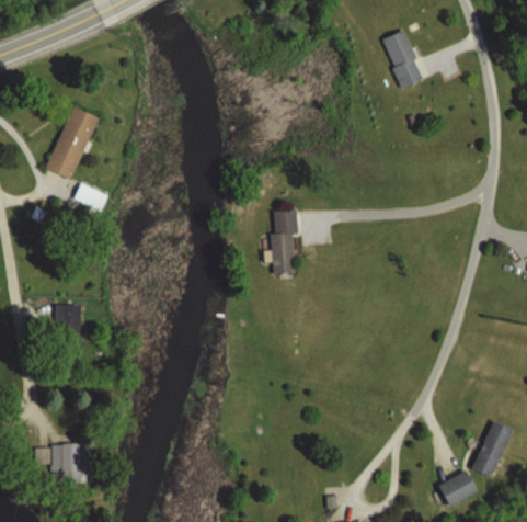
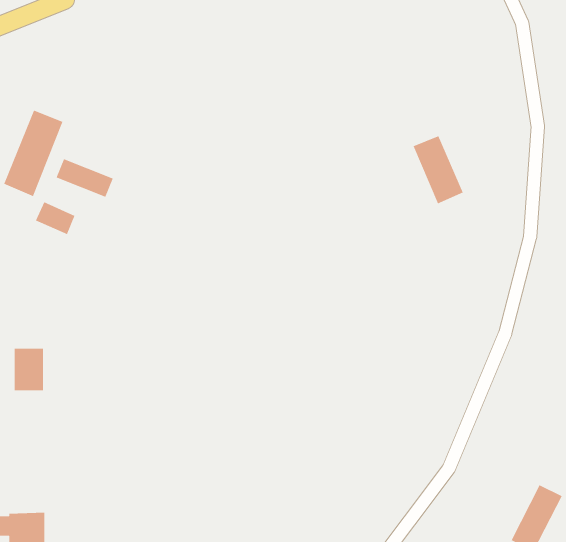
building: [381,30,424,88] -> [413,135,464,205]
building: none -> [55,158,114,198]
building: [271,209,297,275] -> none

